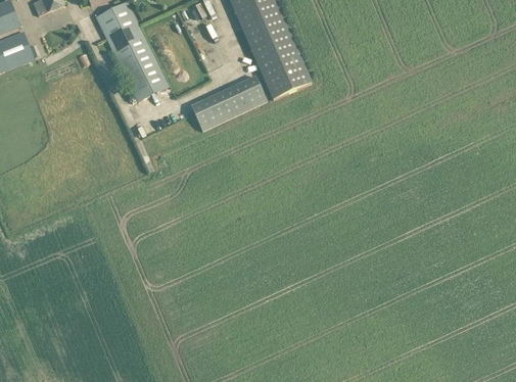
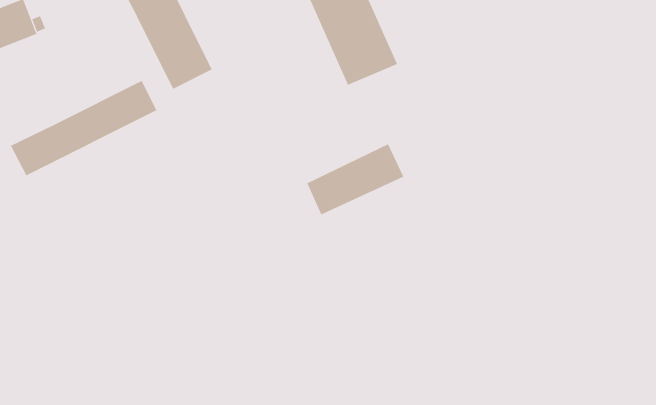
building: [190,75,266,130] -> [306,144,404,215]
building: none -> [10,80,157,176]

